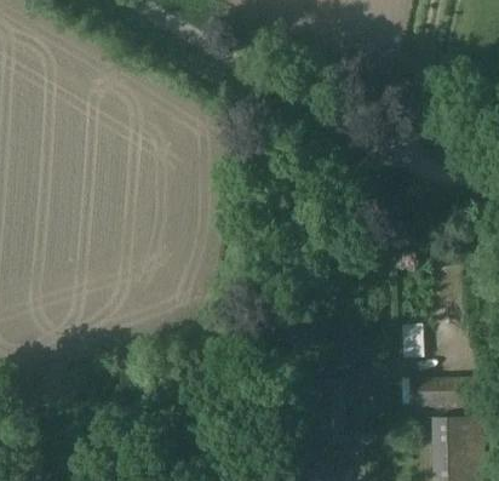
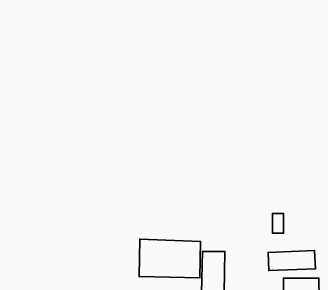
building: none -> [139,239,201,278]

